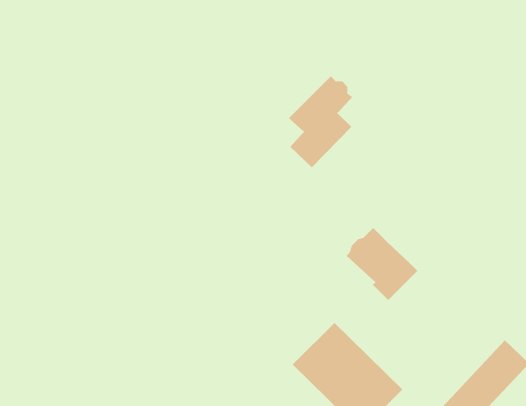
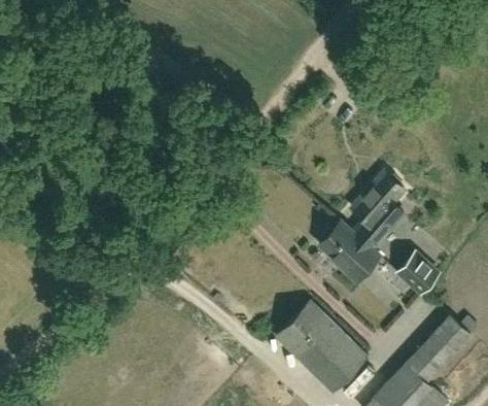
building: [288,76,353,168] -> [353,175,407,251]
building: none -> [396,256,438,298]

